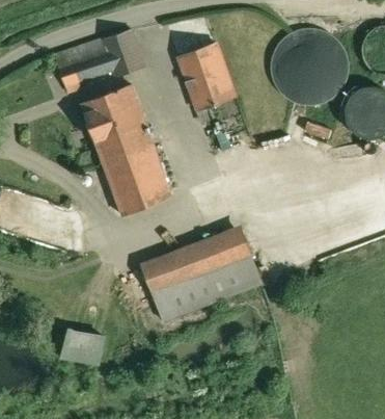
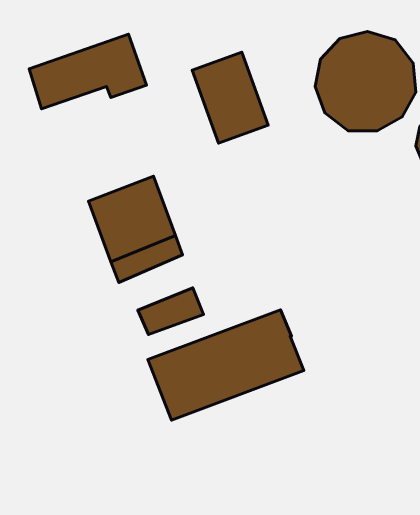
building: [80,84,148,155] -> none
building: none -> [138,288,204,334]
building: [64,326,108,364] -> none

